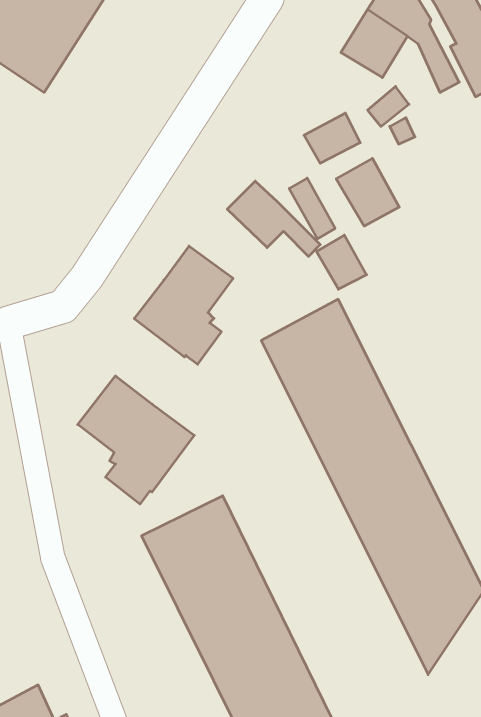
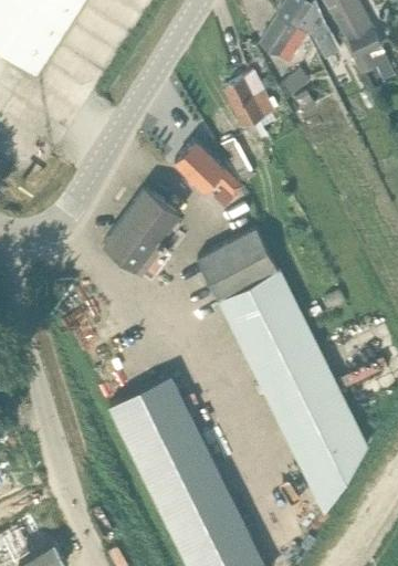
building: none -> [222,73,262,107]
building: [336,158,399,226] -> none
building: [317,235,367,289] -> none
building: [78,376,194,504] -> none

